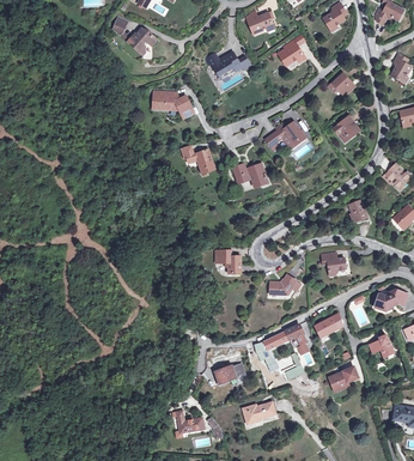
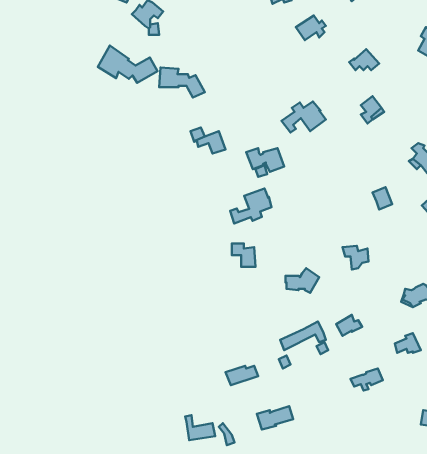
building: [207,51,250,78] -> none
building: none -> [98,45,158,83]
building: none -> [230,189,272,223]

